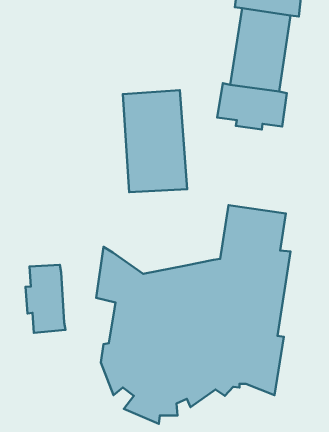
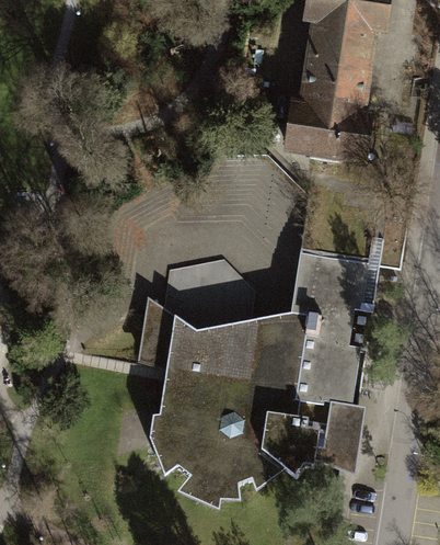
building: [123,90,187,192] -> none
building: [26,265,65,333] -> none

